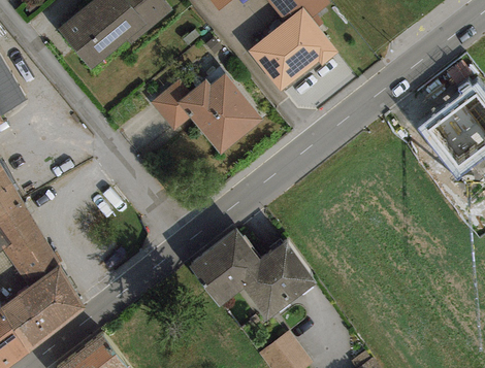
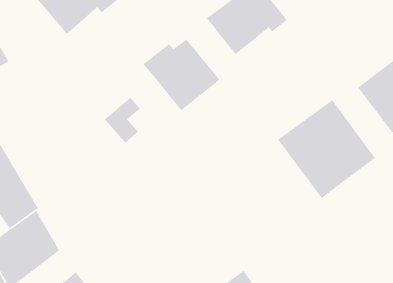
building: [149,76,190,129] -> [104,97,141,144]
building: none -> [277,99,376,199]
building: [186,228,316,319] -> none

